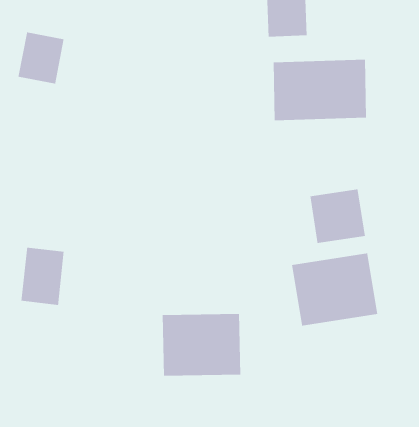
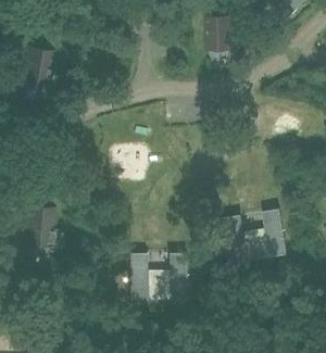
building: [273,59,367,121] -> none
building: [309,188,366,244] -> none

